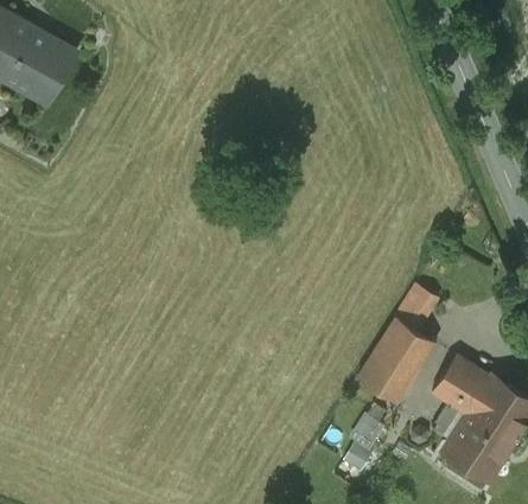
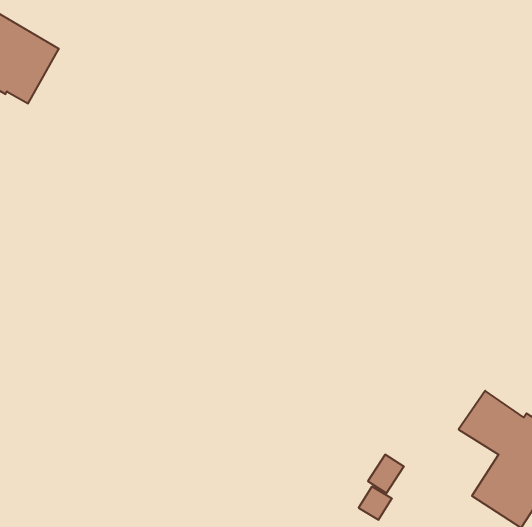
building: [358,285,439,401] -> none

